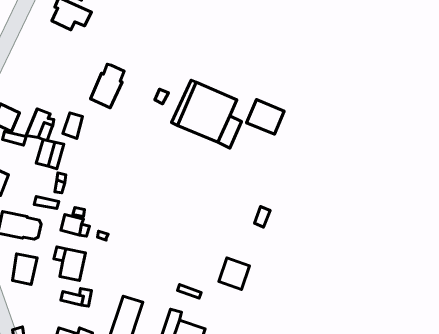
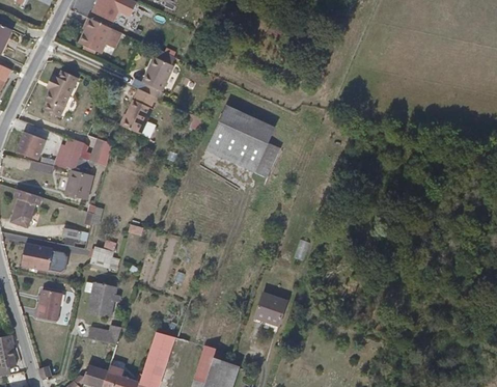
building: none -> [141,56,173,98]
building: none -> [39,71,77,118]
building: [247,100,284,134] -> none

